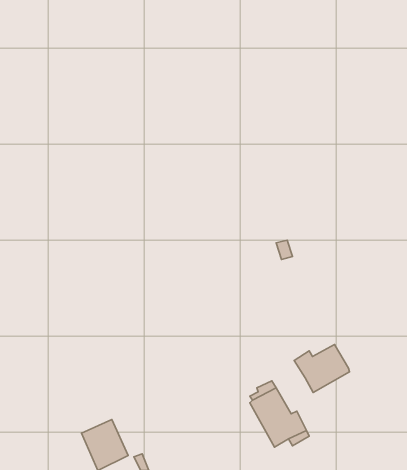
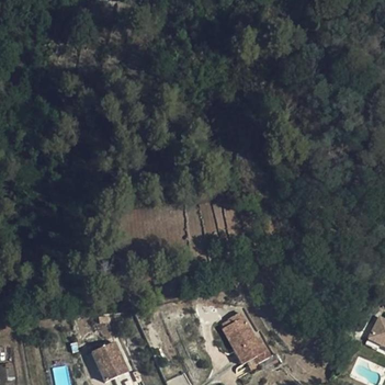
building: [294,344,350,392] -> none

